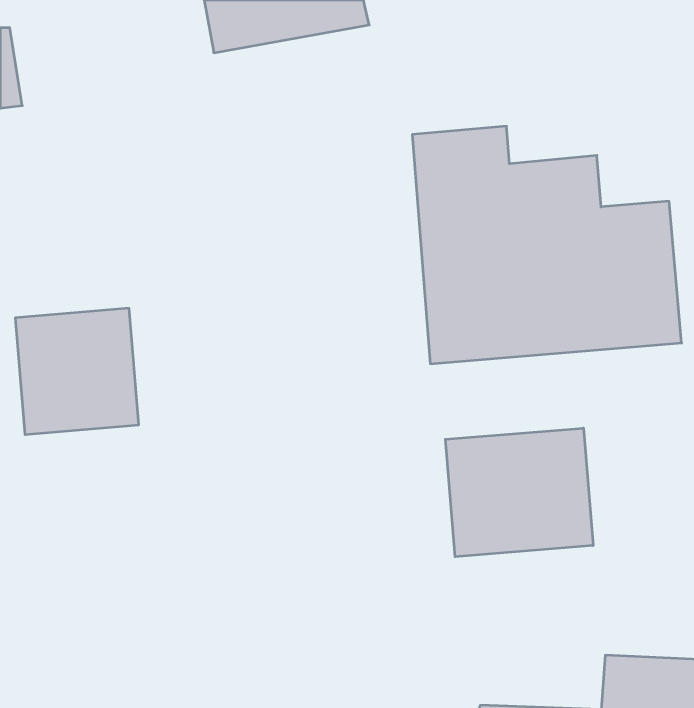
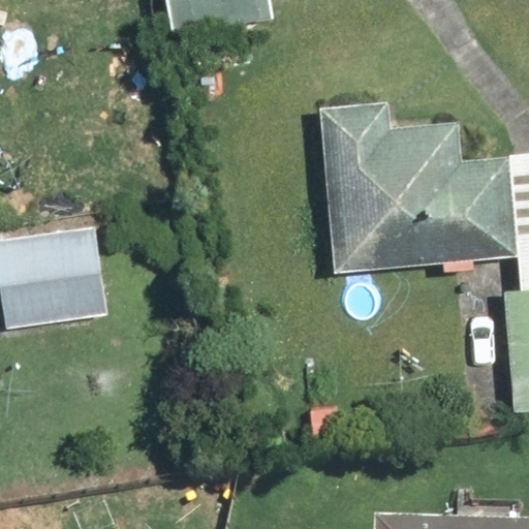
building: [445,428,593,557] -> none

